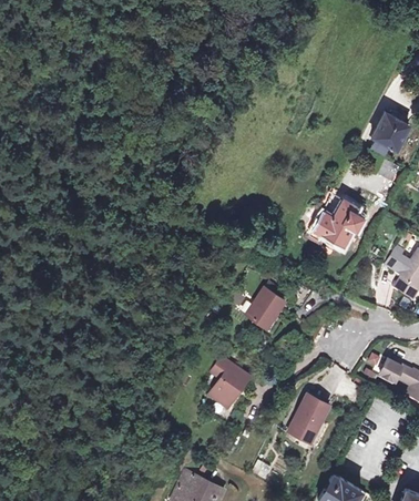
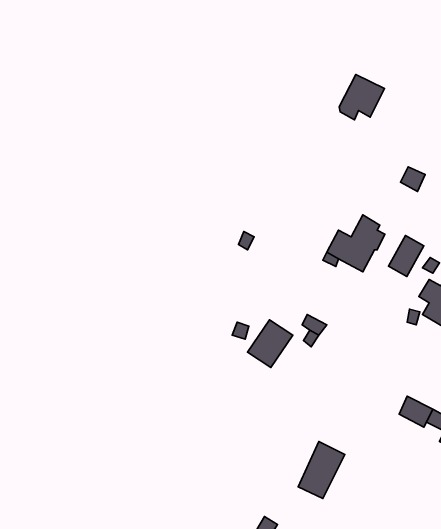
building: [368,113,407,152] -> [339,74,384,120]
building: none -> [389,235,424,277]
building: [208,358,248,409] -> none

